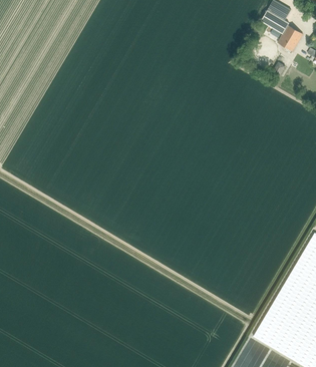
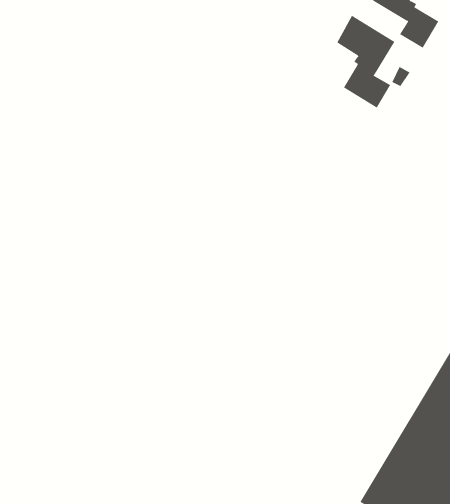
building: none -> [337,15,395,108]

